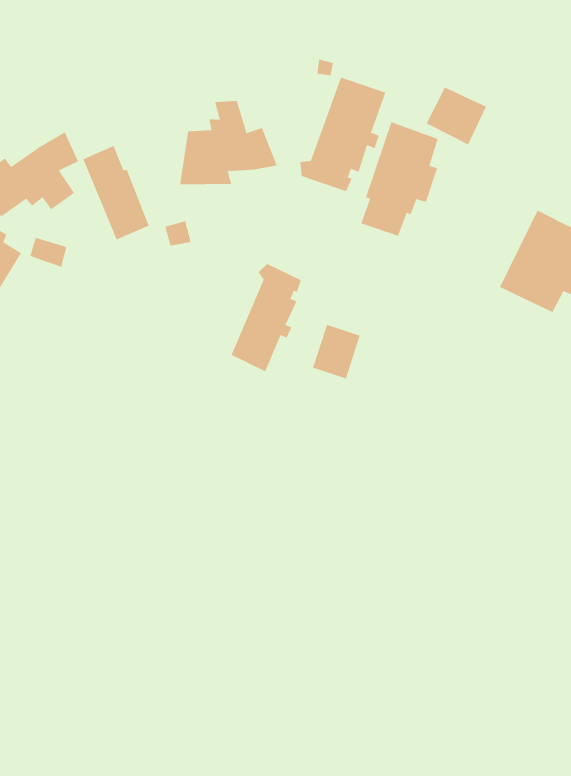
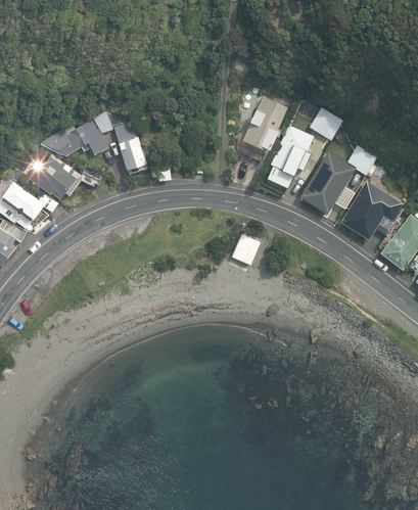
building: [179,100,277,185] -> none
building: none -> [298,145,376,215]
building: [231,263,302,372] -> none

